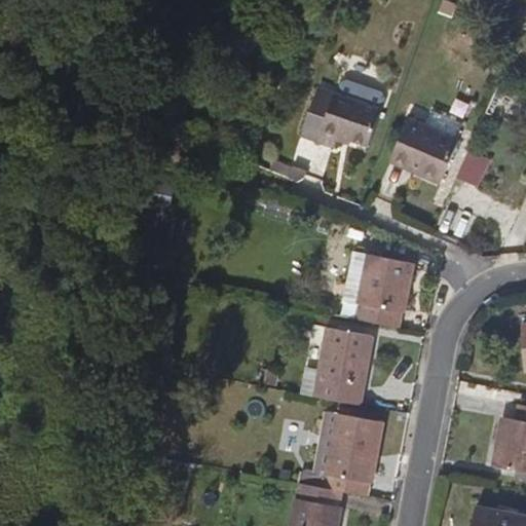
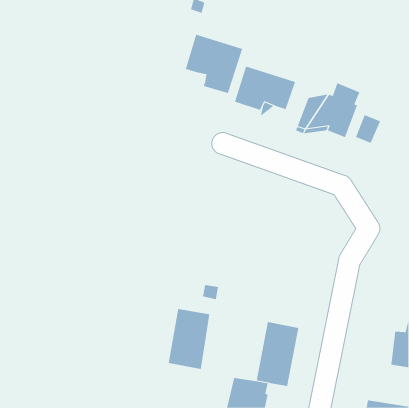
building: none -> [185,34,243,94]
building: [354,256,411,330] -> none
building: [314,327,369,405] -> [168,309,210,370]

